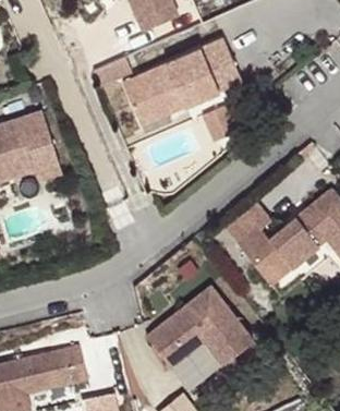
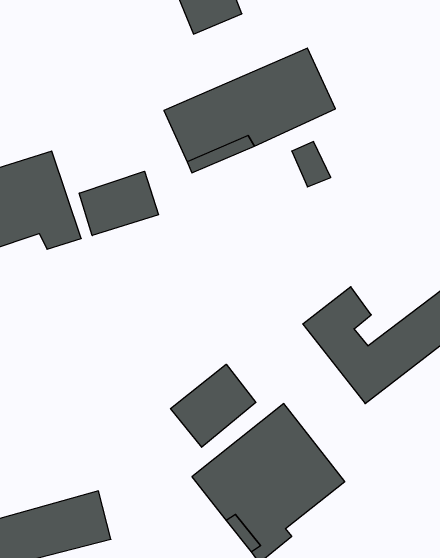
building: none -> [79,171,158,236]
building: none -> [171,364,256,447]

